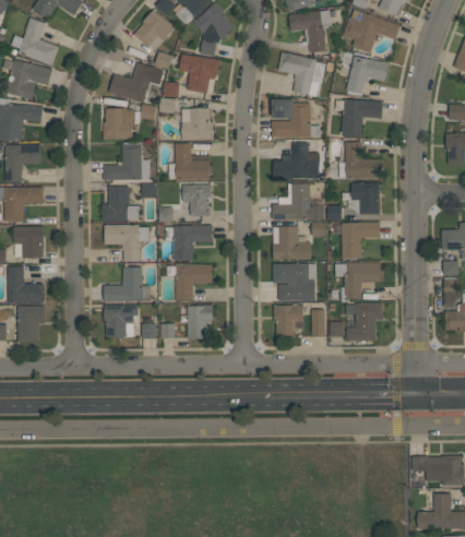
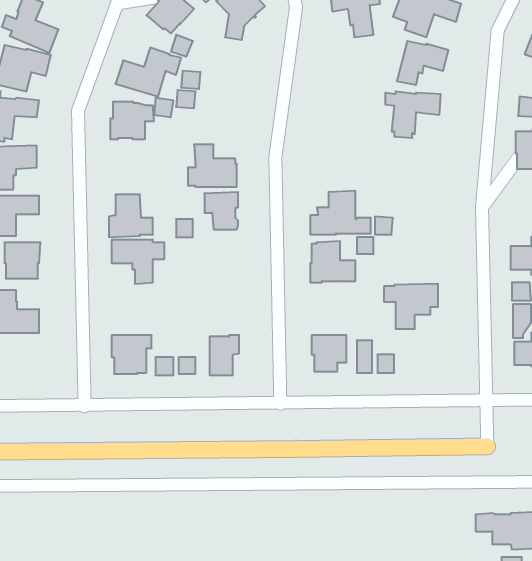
building: [278,51,326,97] -> none
building: [179,55,219,94] -> none
building: [272,99,320,138] -> none
building: [182,108,213,141] -> none
building: [345,142,381,179] -> none
building: [273,143,320,179] -> none
building: [104,144,151,180] -> none
building: [343,183,380,214] -> none
building: [342,223,380,259] -> none
building: [166,226,212,260] -> none
building: [273,264,317,301] -> none
building: [167,265,212,302] -> none
building: [104,267,151,302] -> none
building: [346,302,383,342] -> none
building: [17,306,46,341] -> none

